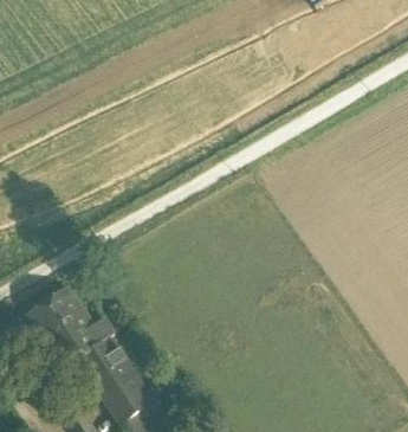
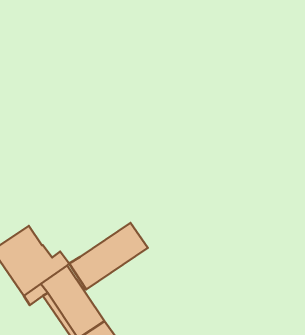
building: none -> [69,223,148,289]

